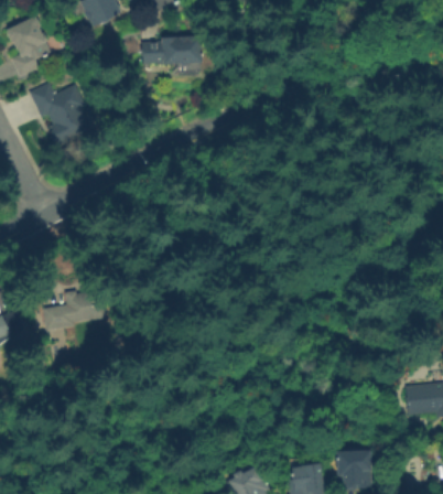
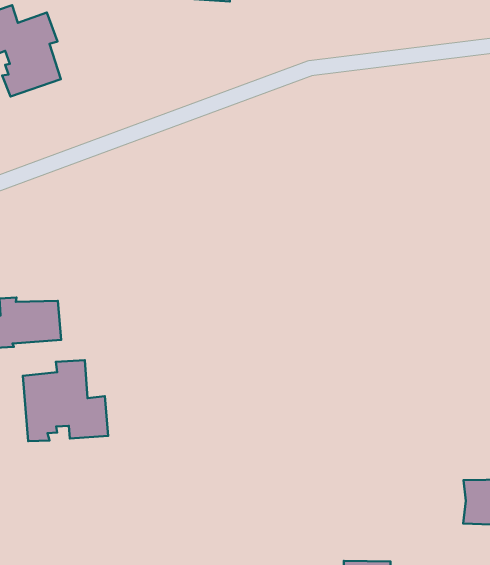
building: none -> [23,360,108,441]

